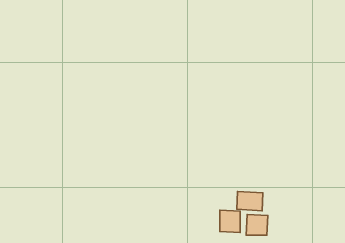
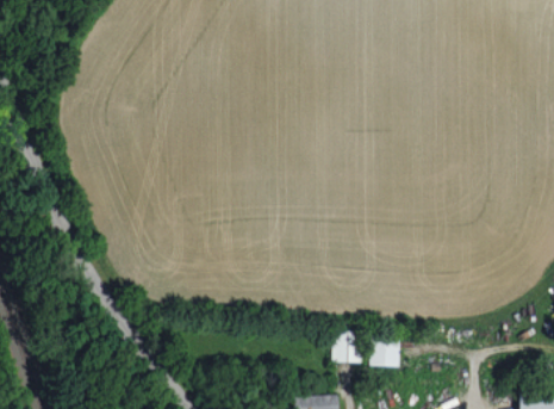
building: [237,192,263,211] -> none

